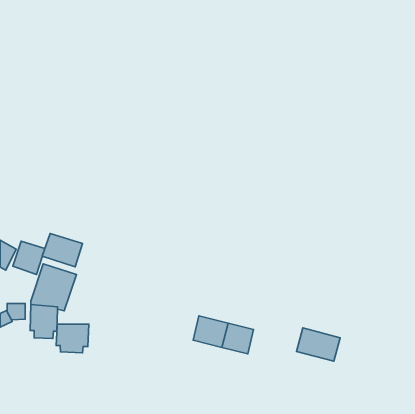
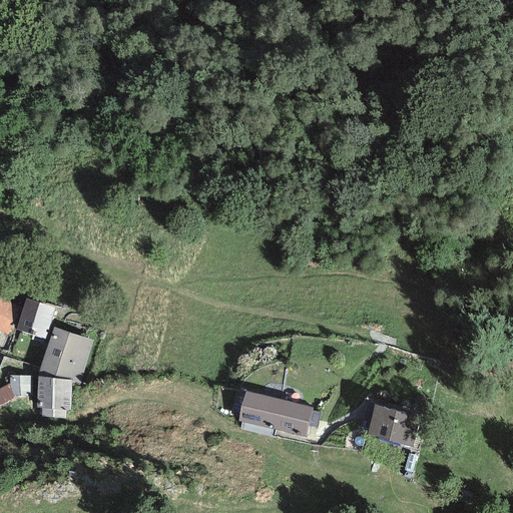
building: [42,233,82,267] -> none
building: [56,324,89,353] -> none

